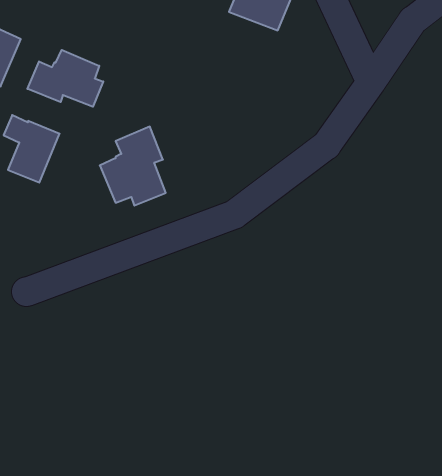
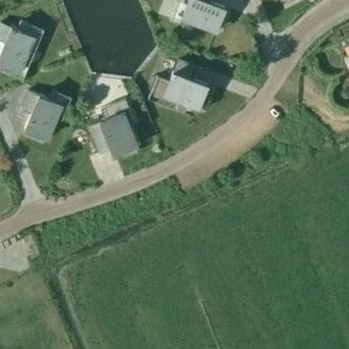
building: [27,50,103,107] -> none
building: none -> [153,61,209,108]

